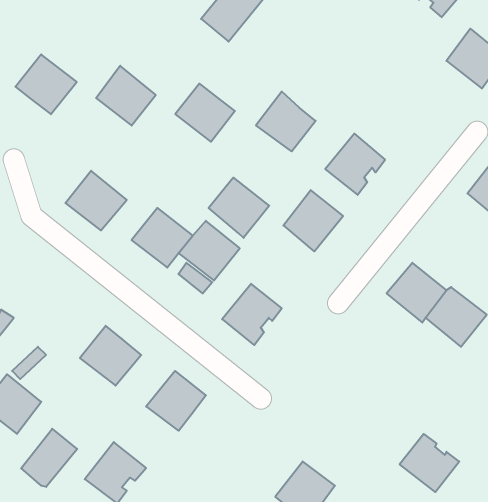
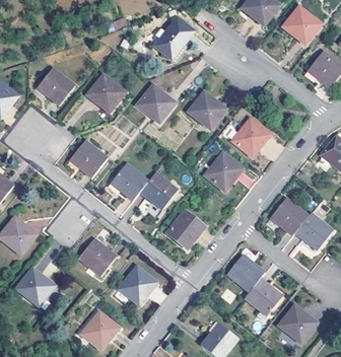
building: [209,178,269,238] -> none
building: none -> [226,254,281,314]
building: [21,429,77,487] -> none

